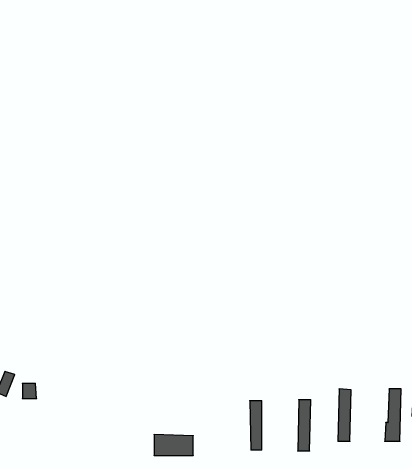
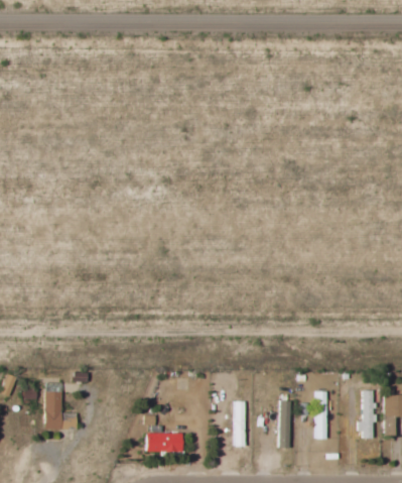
building: none -> [44,391,77,429]

